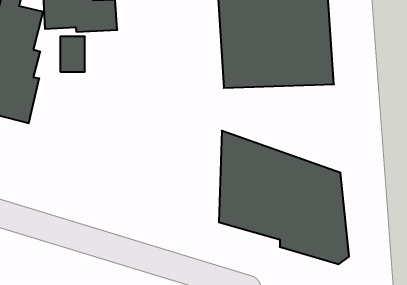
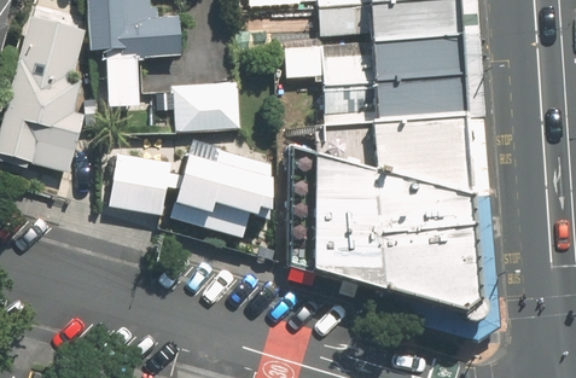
building: none -> [180,83,243,128]
building: none -> [314,118,470,231]
building: none -> [99,143,261,233]

